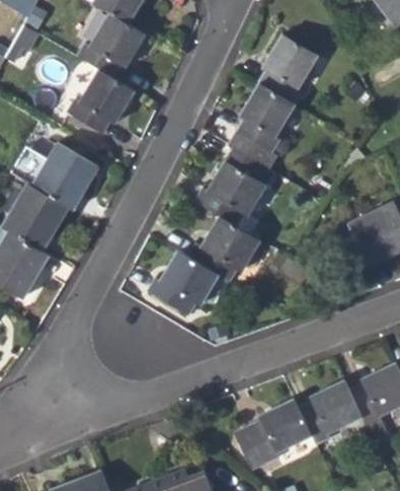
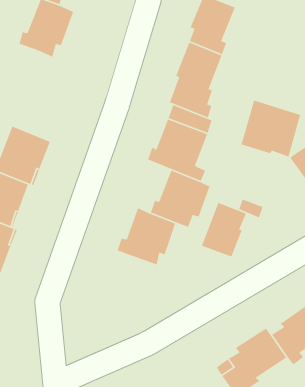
building: [67,67,133,134] -> none
building: none -> [241,100,301,158]
building: none -> [201,202,247,258]

